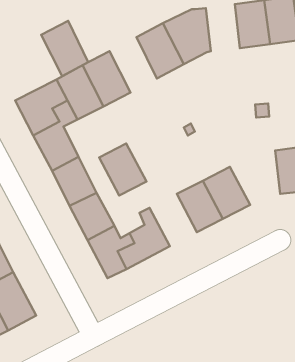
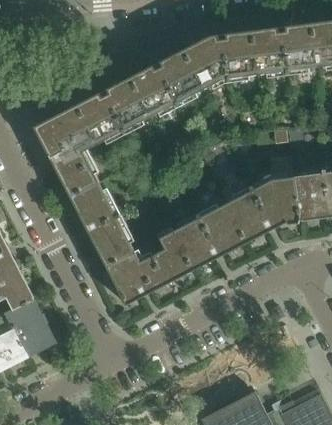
building: none -> [224,31,258,78]
building: [41,21,88,76] -> [128,64,175,119]
building: [99,143,146,196] -> [168,220,215,272]
building: none -> [248,177,298,231]

